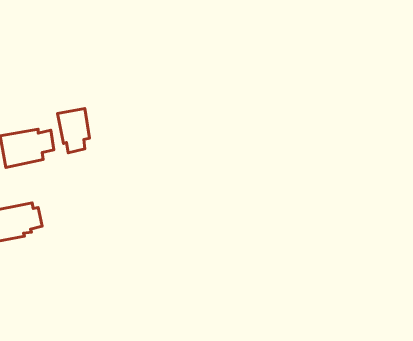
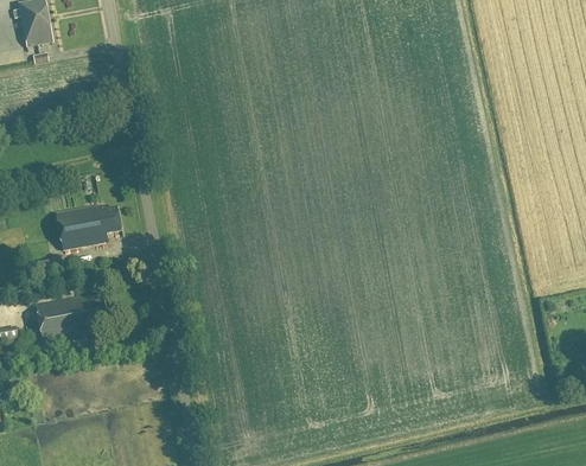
building: [58,108,90,153] -> none

